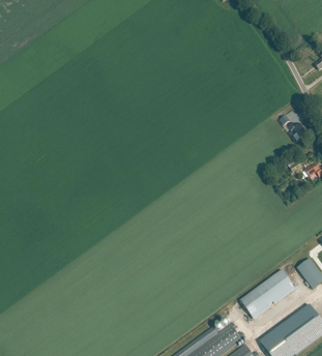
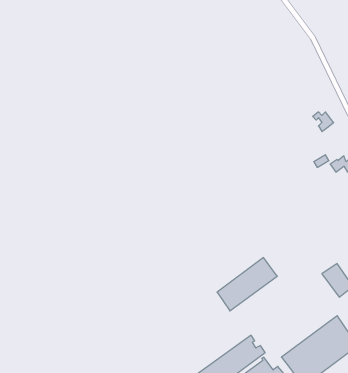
building: [240,269,294,317] -> [217,258,277,311]

